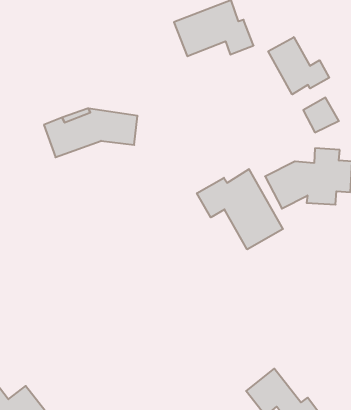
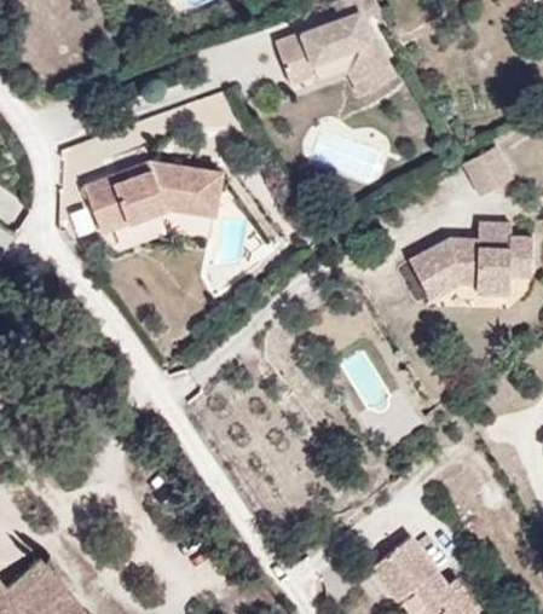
building: [268,37,329,94] -> none
building: [197,169,283,249] -> none

